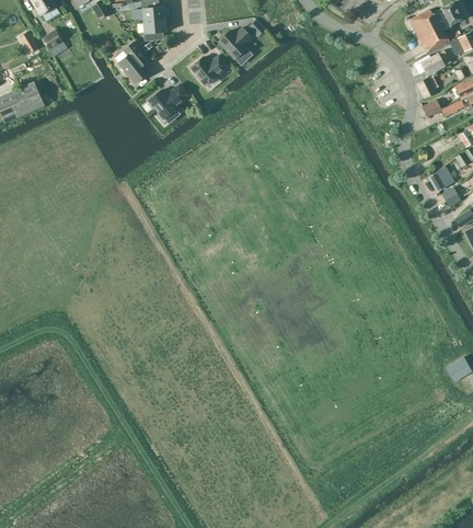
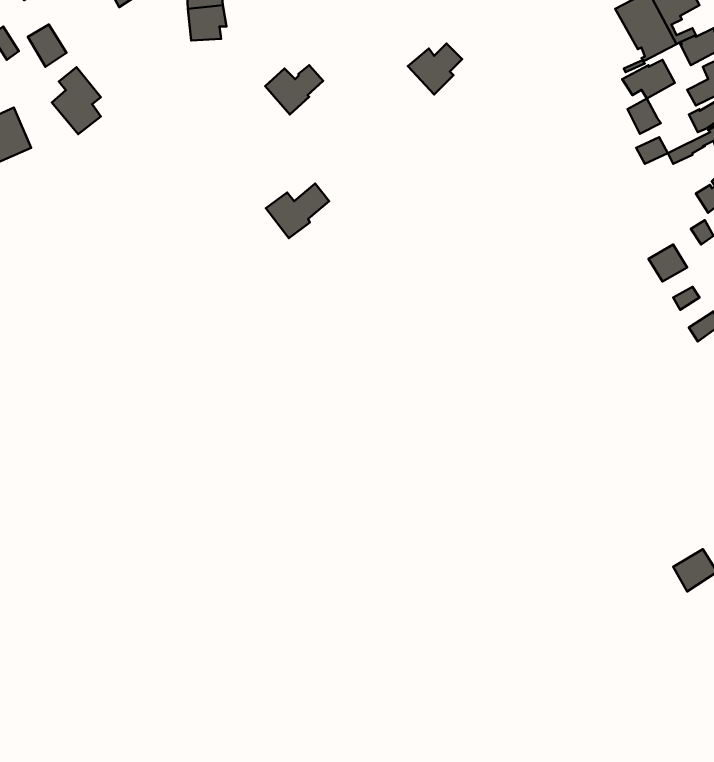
building: [218,26,252,58] -> [408,43,462,94]
building: [118,41,149,82] -> [52,67,101,134]
building: [149,83,188,117] -> [266,184,329,238]

